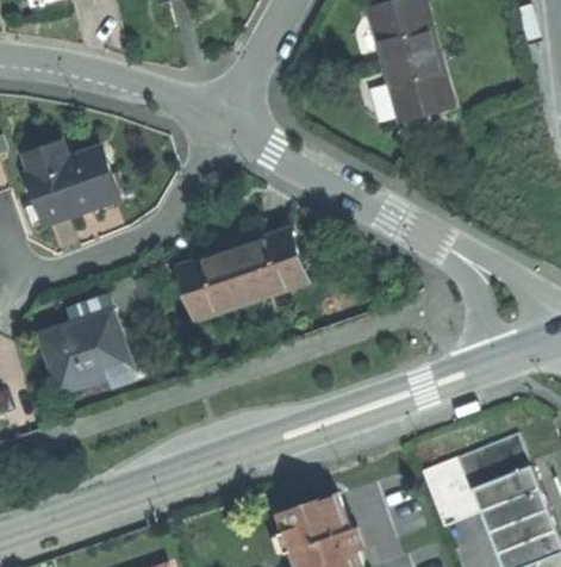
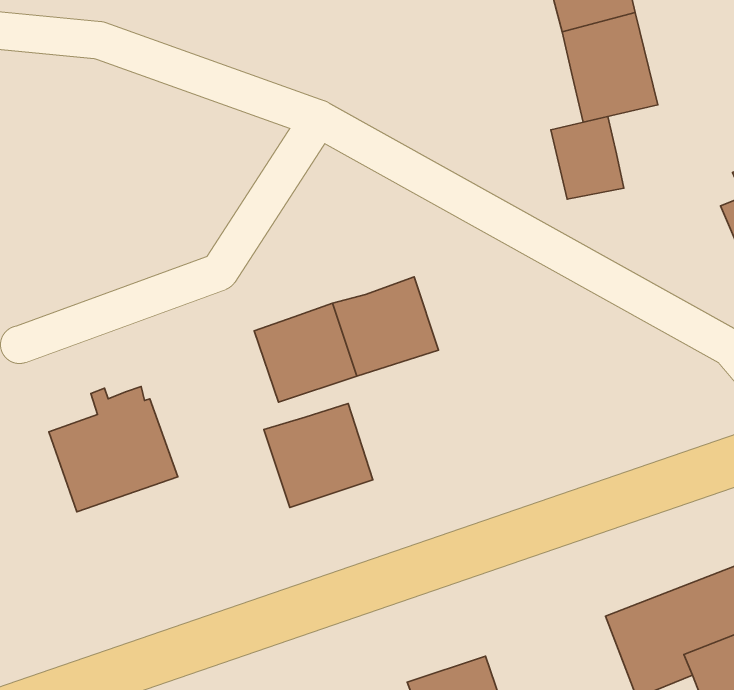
building: none -> [551,116,624,199]
building: [33,144,123,222] -> none
building: none -> [264,403,373,507]

